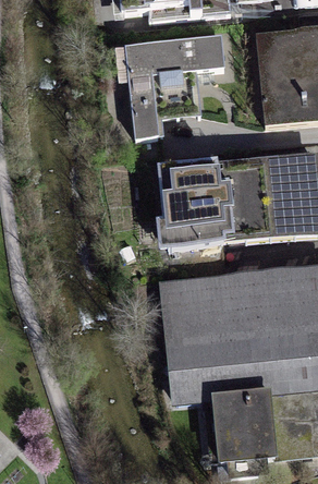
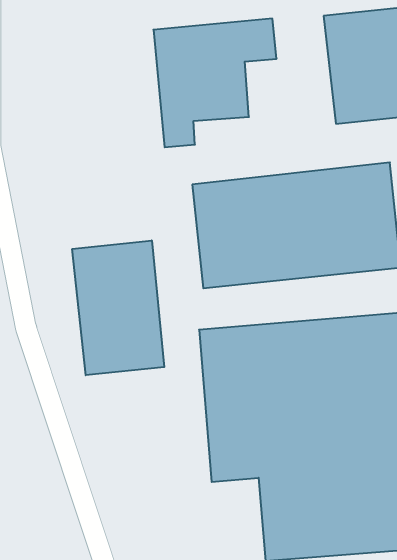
building: none -> [72,240,164,375]

